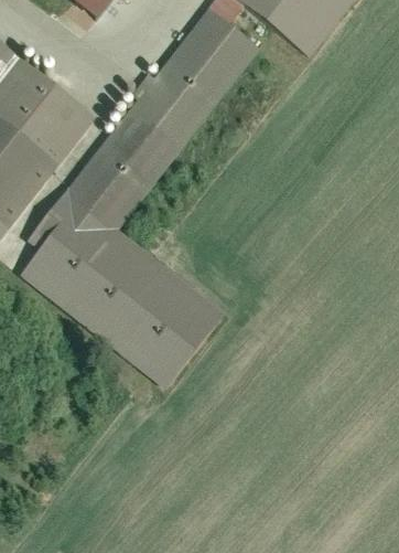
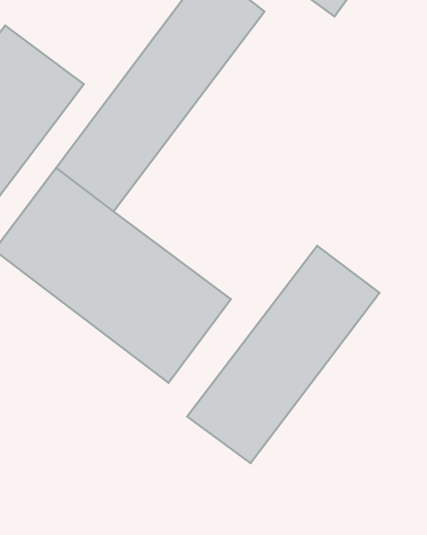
building: none -> [187,246,379,463]

